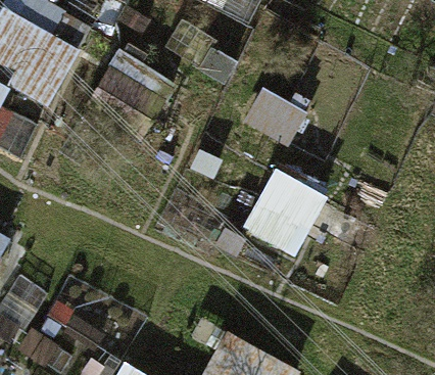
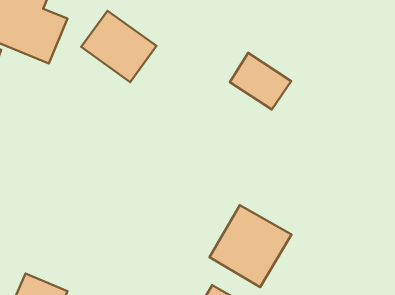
building: [243,170,329,255] -> [209,205,292,287]

